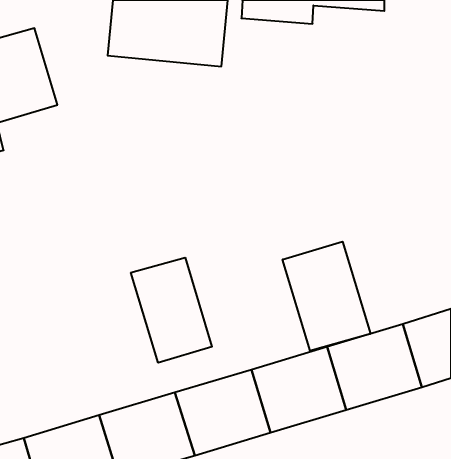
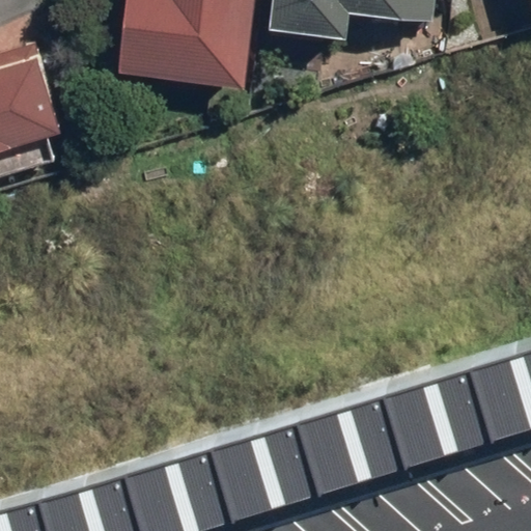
building: [283,242,370,351] -> none
building: [131,258,212,363] -> none

